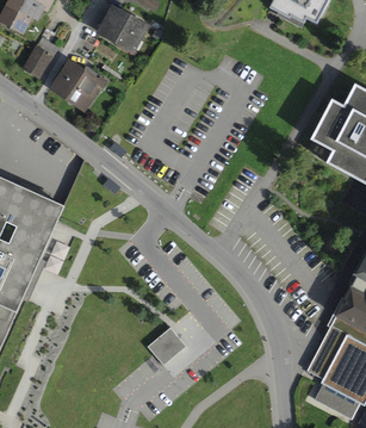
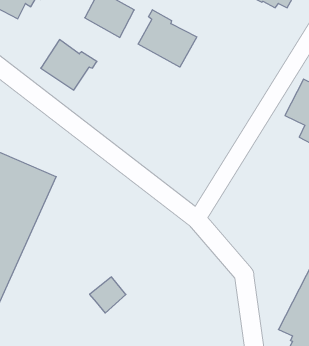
building: none -> [138,10,197,67]
building: [20,35,58,79] -> none
building: [147,325,186,365] -> [90,277,126,313]

